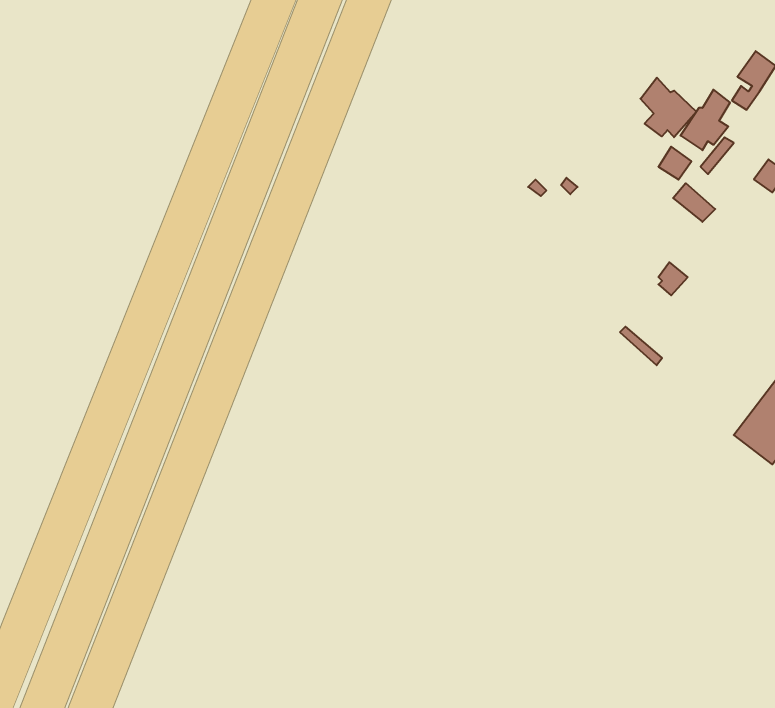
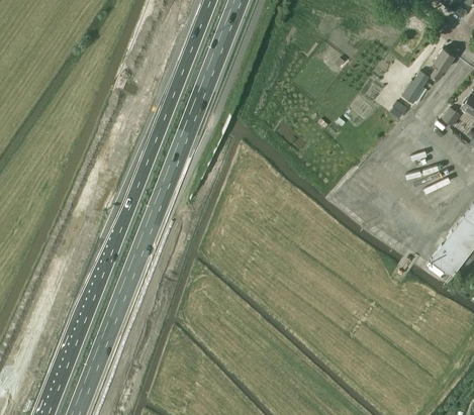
building: [640,78,696,137] -> none

